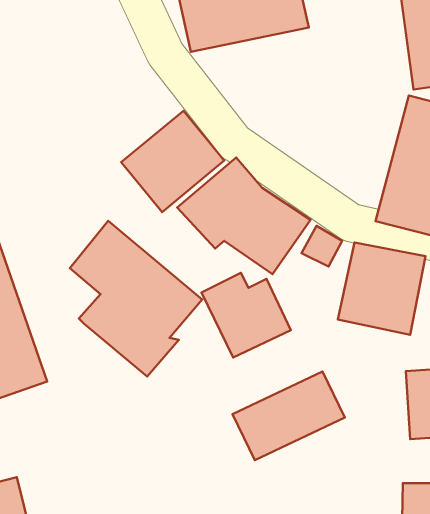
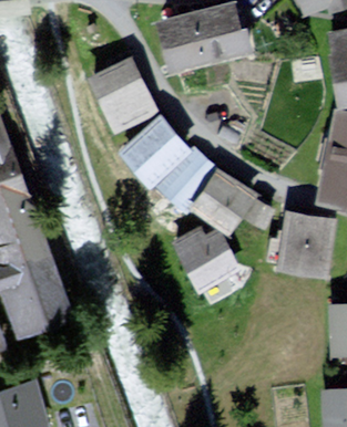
building: none -> [88,58,157,133]
building: [70,221,202,377] -> none
building: [233,372,345,460] -> none

